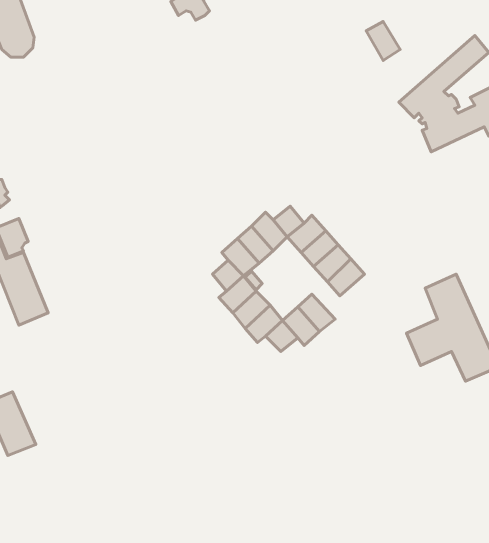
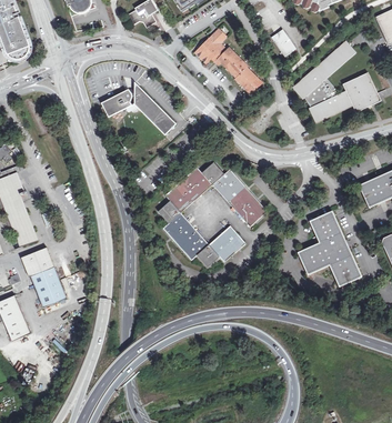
building: none -> [194,28,261,93]
building: none -> [100,81,175,134]
building: none -> [20,245,67,306]

